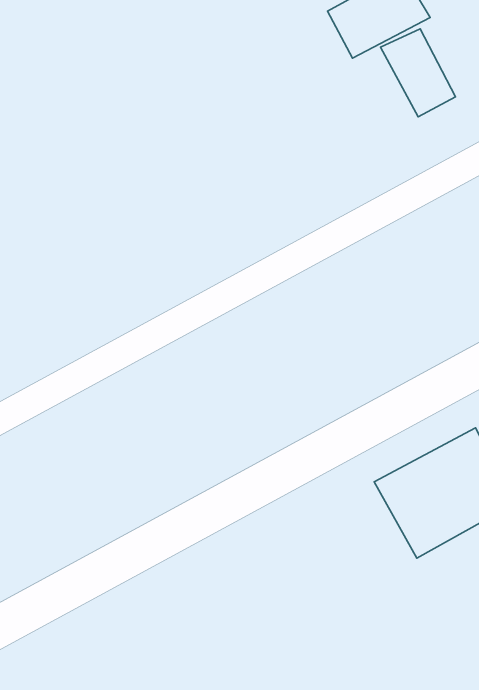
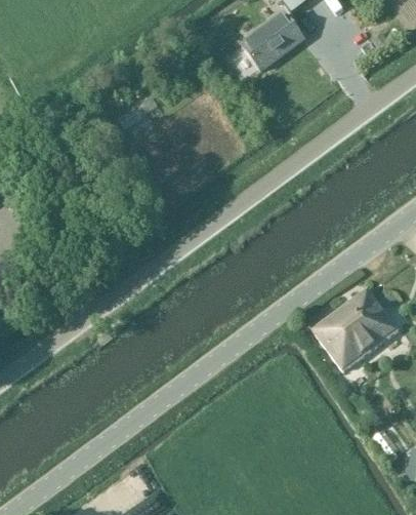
building: [380,29,455,117] -> none

